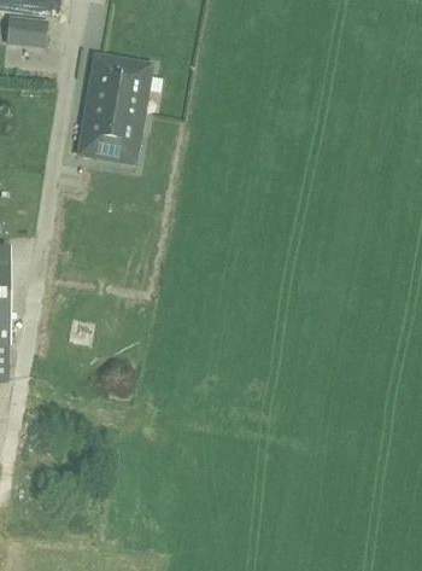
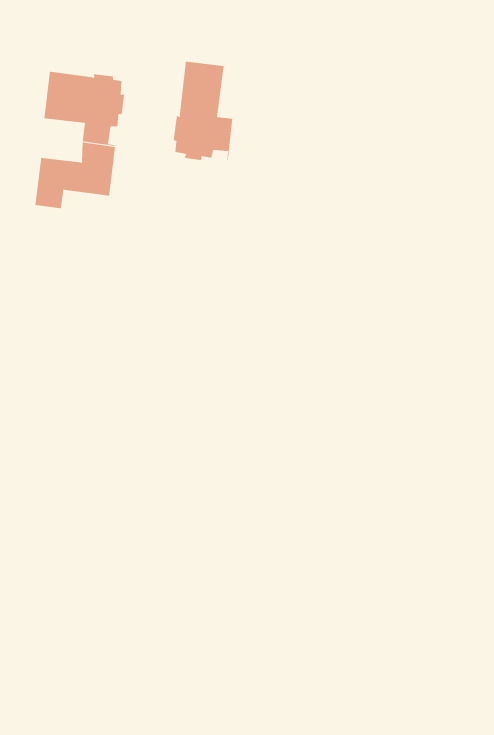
building: none -> [173,61,233,161]

